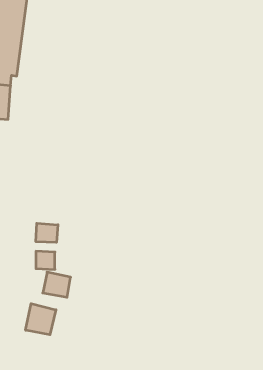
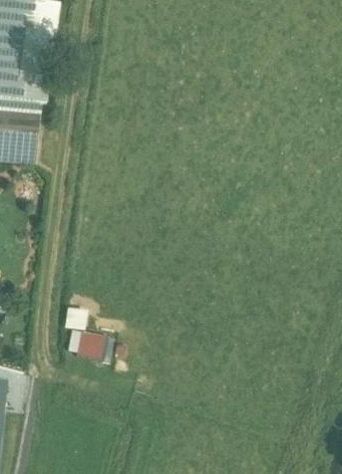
building: [36,223,58,242] -> none
building: [26,304,56,335] -> none

